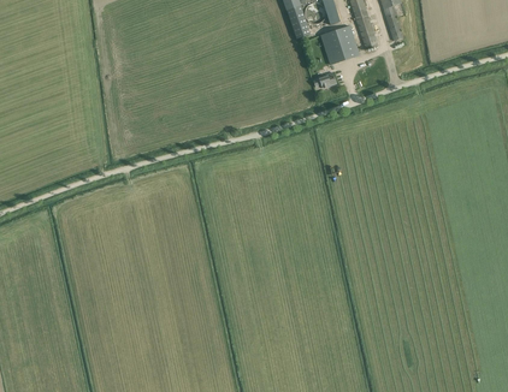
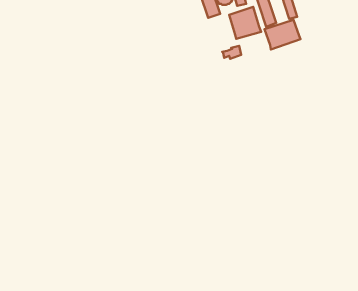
building: none -> [264,20,301,50]

